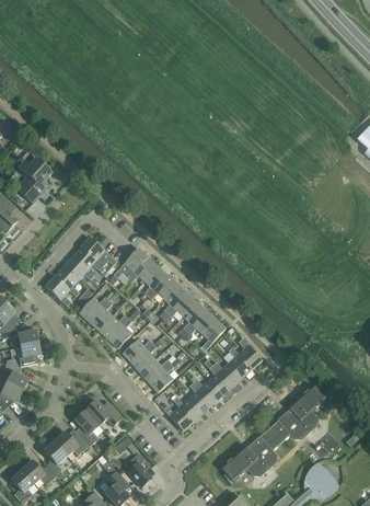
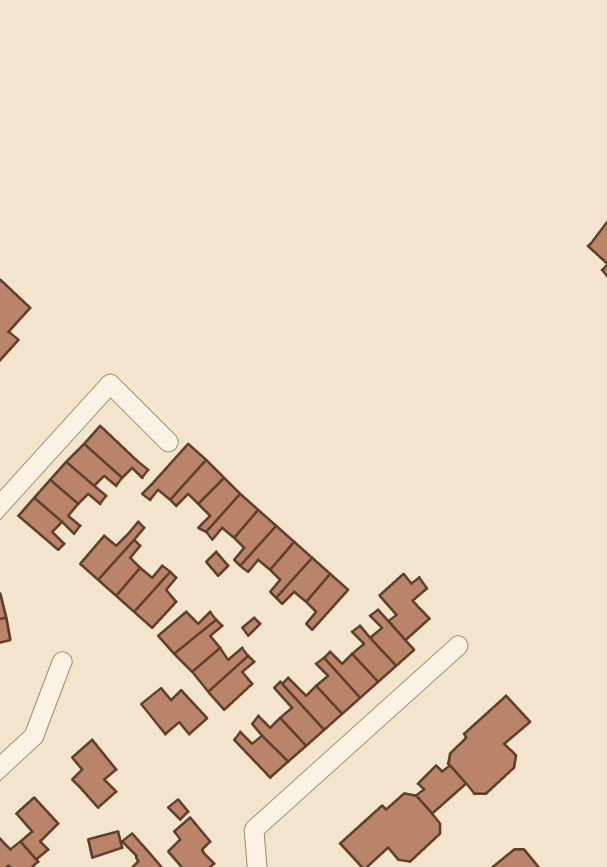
building: none -> [380,574,430,640]
building: [85,400,122,425] -> [141,688,207,734]
building: [54,430,88,455] -> none

